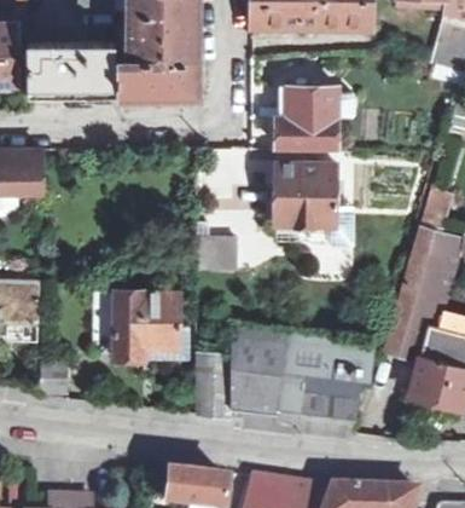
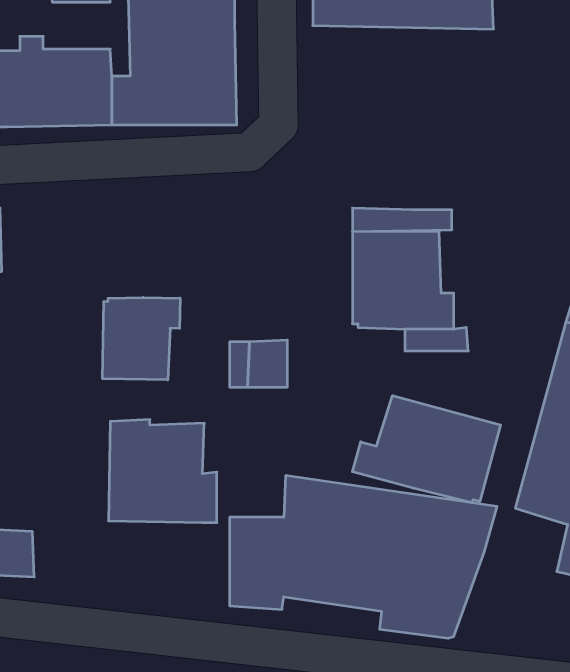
building: [275,86,338,148] -> none
building: none -> [103,297,180,380]
building: none -> [352,396,501,503]

